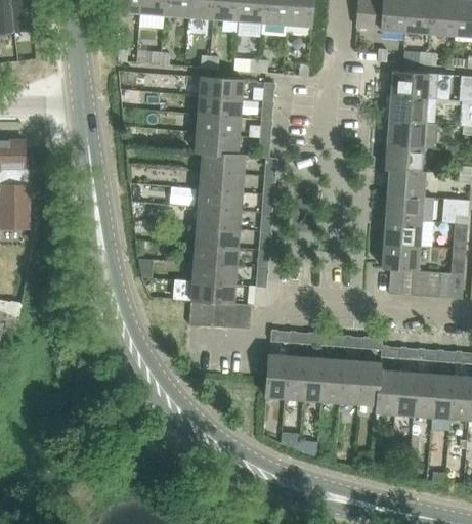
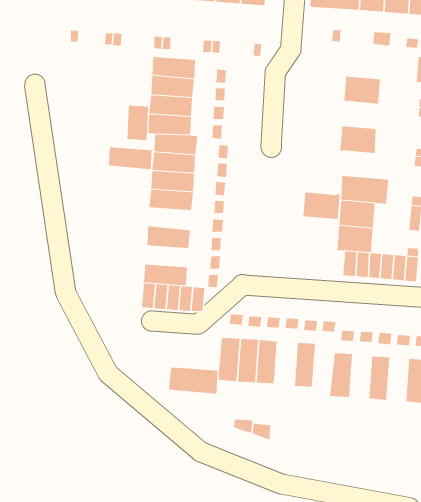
building: [391,71,438,98] -> none
building: [387,120,437,148] -> none
building: none -> [127,105,148,141]
building: [387,169,425,196] -> [302,192,341,220]
building: [195,225,239,248] -> [108,147,153,170]
building: [191,263,235,285] -> none
building: [320,358,343,402] -> none
building: [358,360,380,404] -> none
building: [395,370,417,414] -> none
building: [432,374,454,418] -> none
building: none -> [168,367,218,394]

